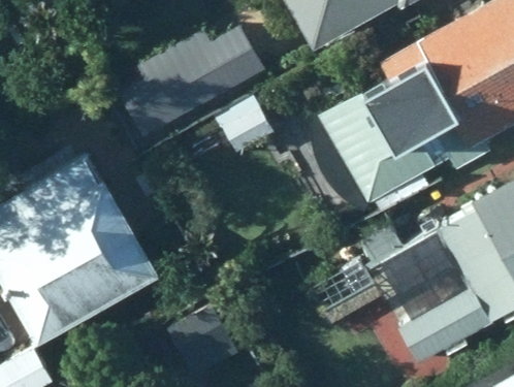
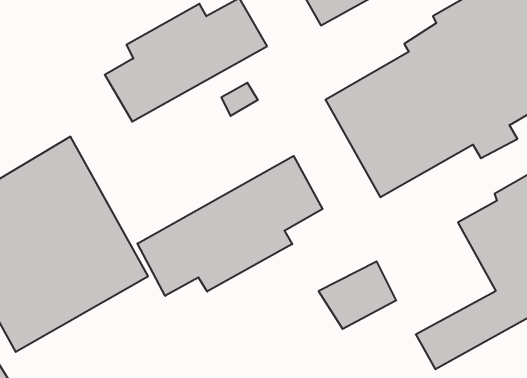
building: none -> [137,156,323,296]

